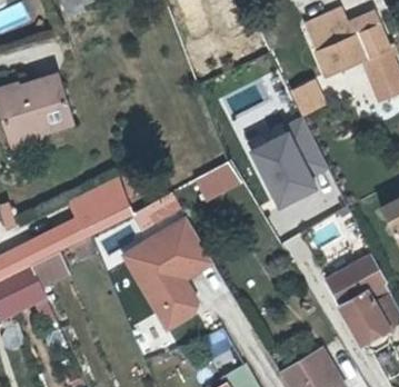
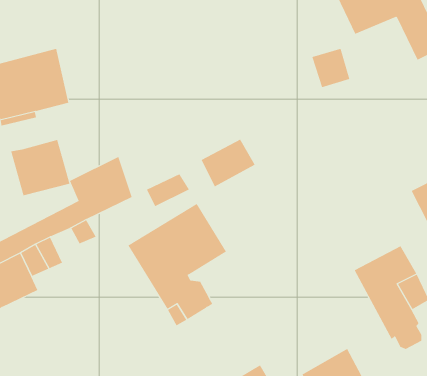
building: [242,119,323,209] -> none
building: none -> [11,139,70,196]

